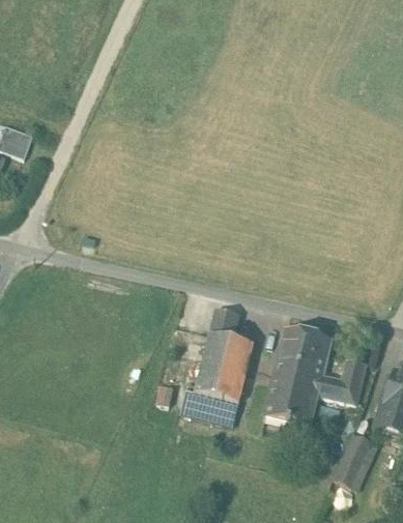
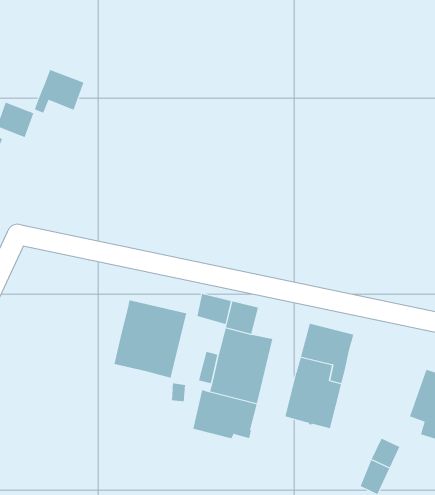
building: none -> [34,69,84,113]
building: none -> [197,293,232,325]
building: none -> [114,300,187,379]
building: [314,359,364,404] -> none

